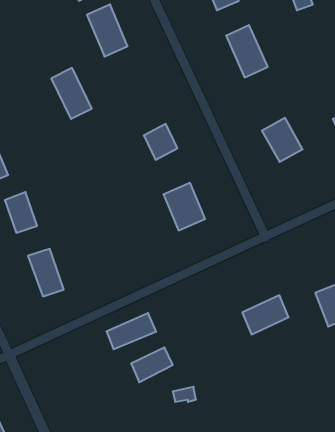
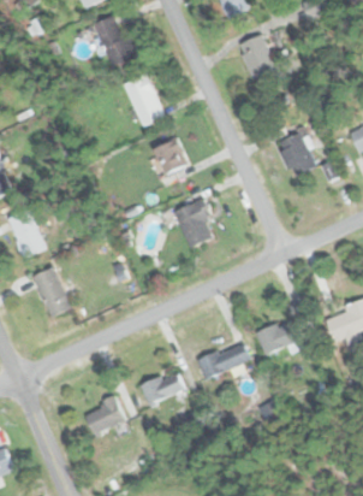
building: [51,68,92,119] -> [124,73,166,126]
building: [106,313,156,349] -> [197,341,249,378]
building: none -> [83,398,124,435]

